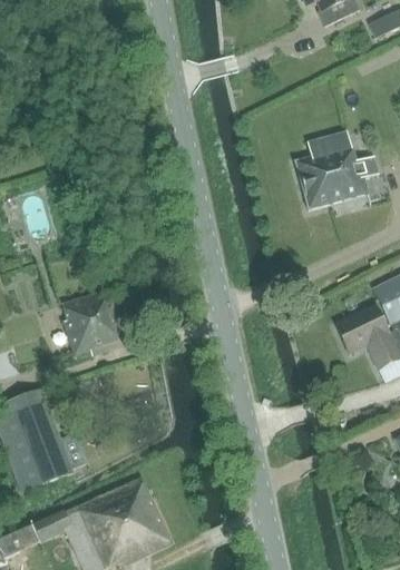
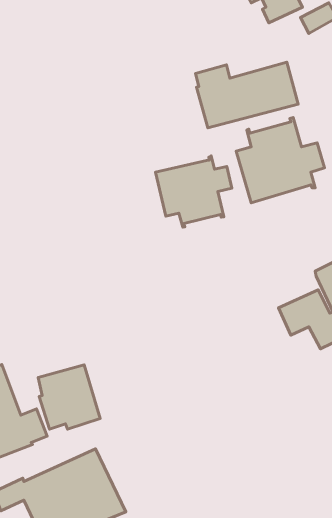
building: none -> [195,62,298,128]
building: none -> [155,156,232,227]
building: [62,287,128,355] -> [38,365,100,429]

